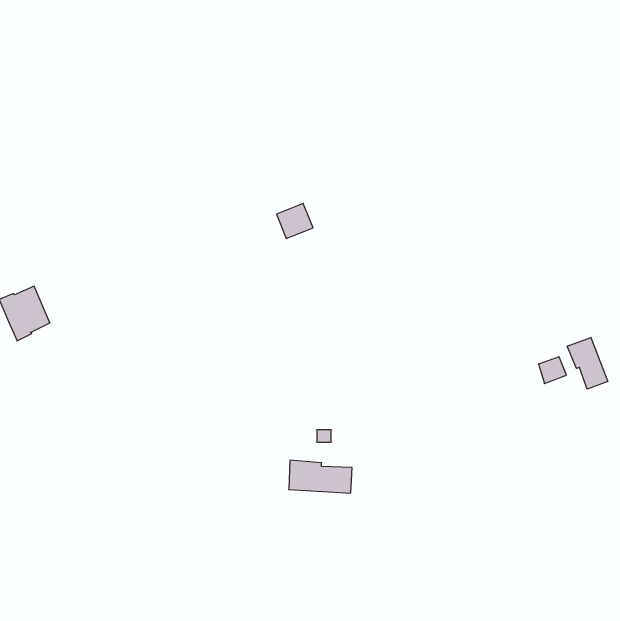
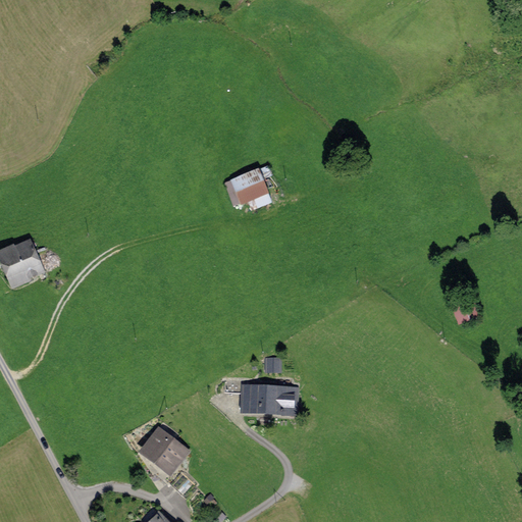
building: [567,337,608,389] -> none
building: none -> [143,432,182,470]

